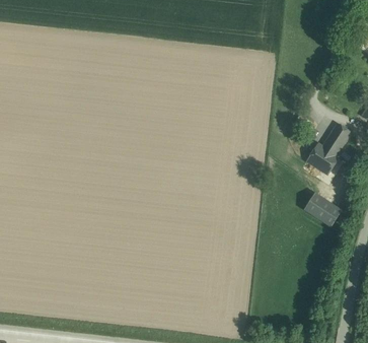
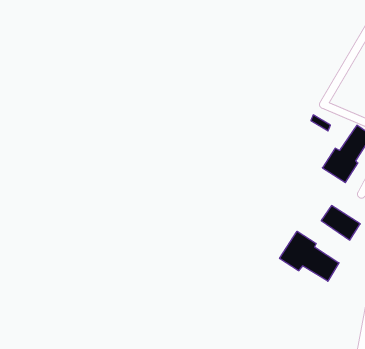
building: none -> [280,231,339,281]

